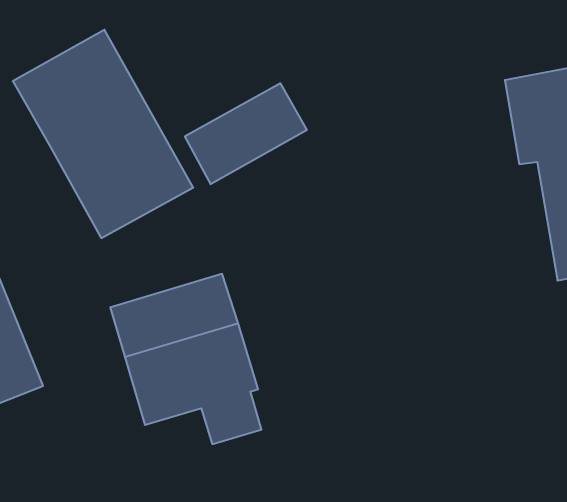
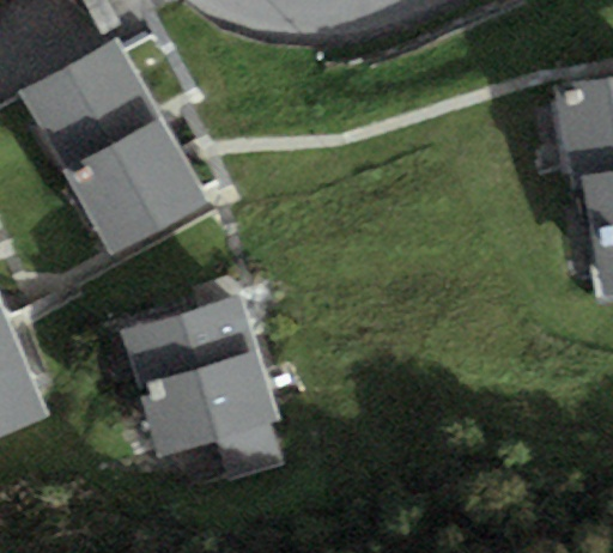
building: [185,83,307,184] -> none

